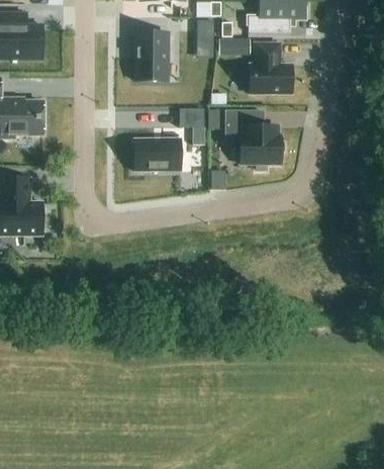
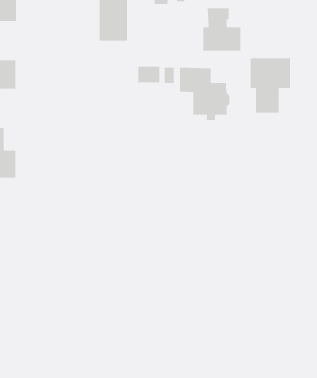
building: [219,38,251,55] -> none
building: none -> [250,57,291,114]
building: [134,138,181,171] -> none

